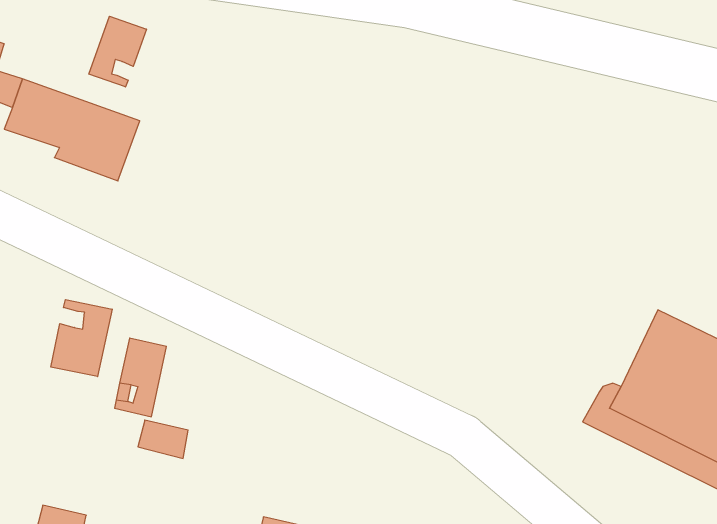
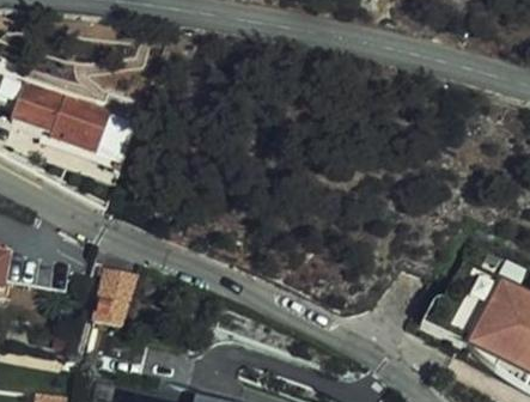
building: [89,16,146,87] -> none
building: [51,300,112,377] -> none

